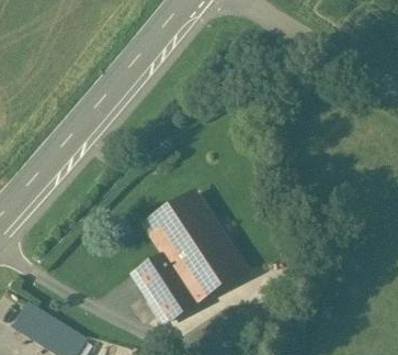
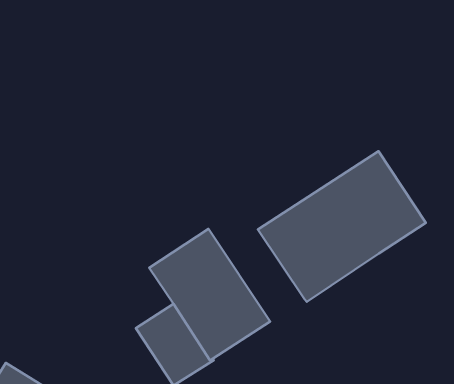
building: none -> [258,151,426,302]

